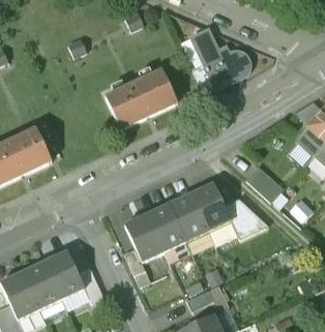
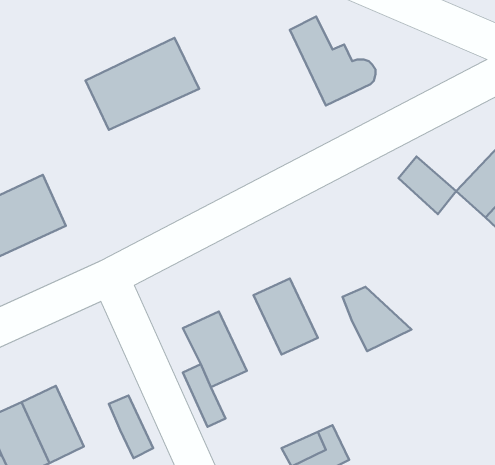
building: [106,69,177,127] -> [86,38,199,130]
building: [245,165,282,202] -> [398,157,456,214]
building: [190,183,230,231] -> none
building: [146,204,185,251] -> none
building: [43,250,84,299] -> none

